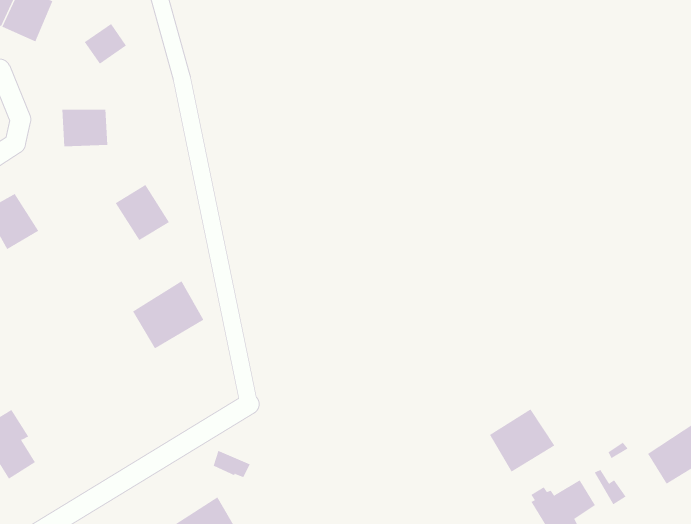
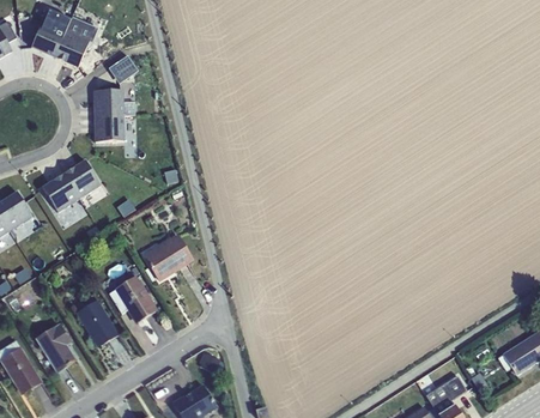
building: none -> [93,87,126,114]
building: [115,184,170,241] -> [62,159,101,199]
building: none -> [114,275,159,325]
building: none -> [77,299,120,347]
building: [489,409,555,472] -> none

